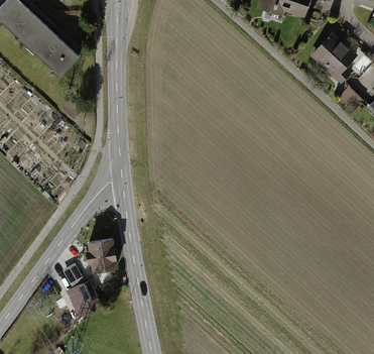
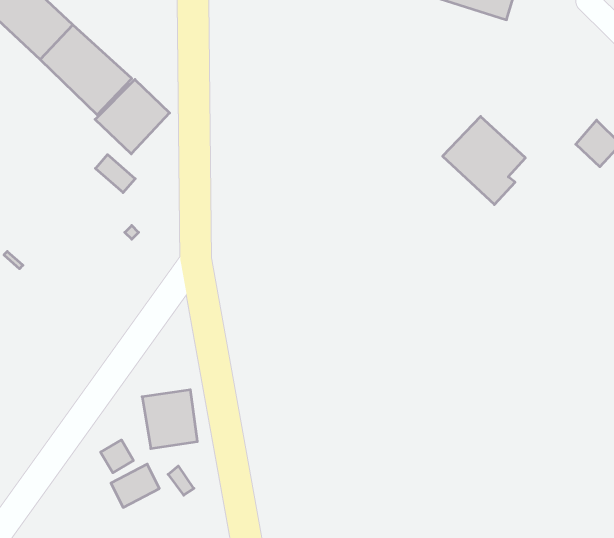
building: [309,32,358,84] -> [443,116,525,205]
building: none -> [95,79,170,154]

